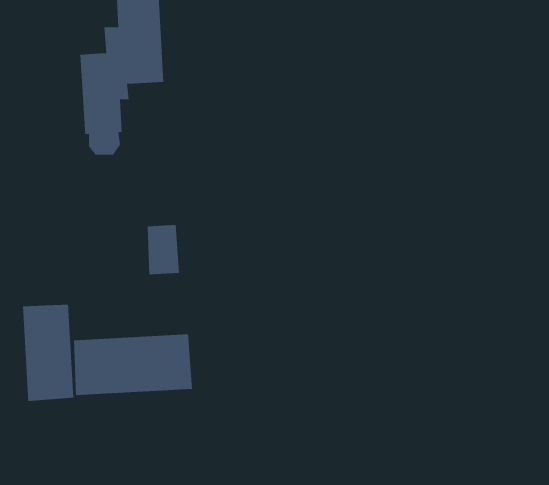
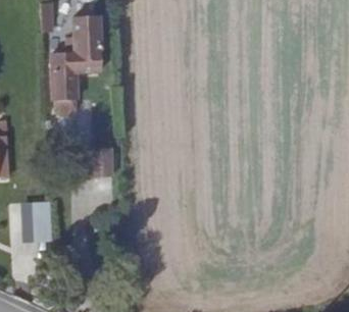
building: [73,334,192,396] -> none

